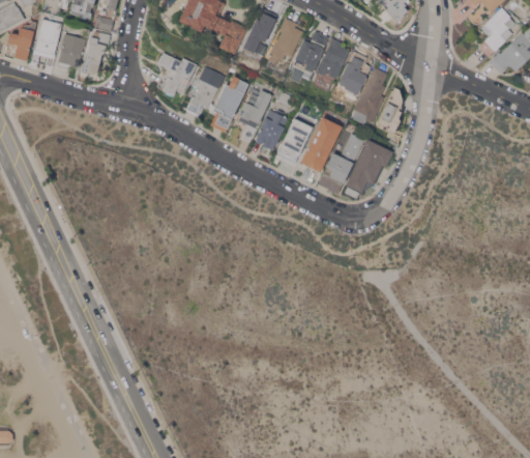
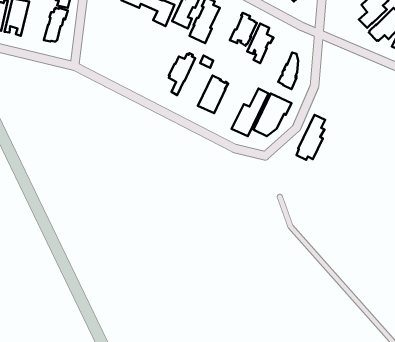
building: [57,30,86,68] -> none
building: [289,31,328,83] -> none
building: [156,53,196,96] -> none
building: [185,66,225,115] -> none
building: [351,67,387,124] -> [296,115,325,160]
building: [210,76,247,133] -> none
building: [255,110,288,150] -> none
building: [299,117,342,172] -> none

